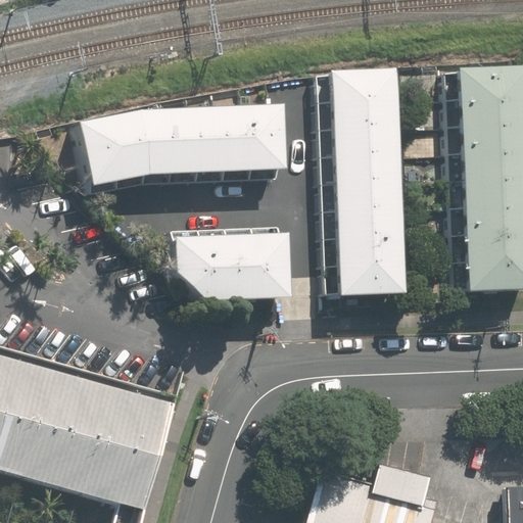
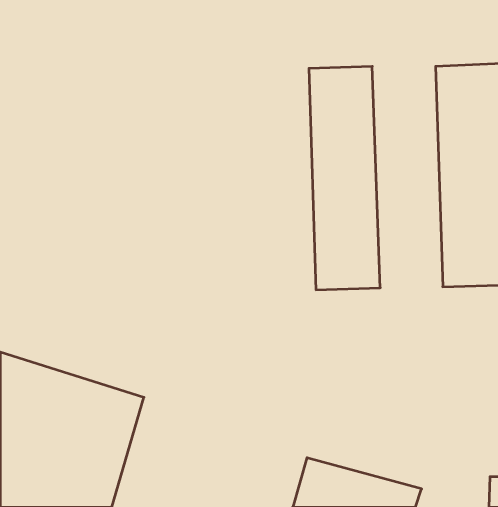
building: [85,107,285,189] -> none
building: [188,220,310,292] -> none

